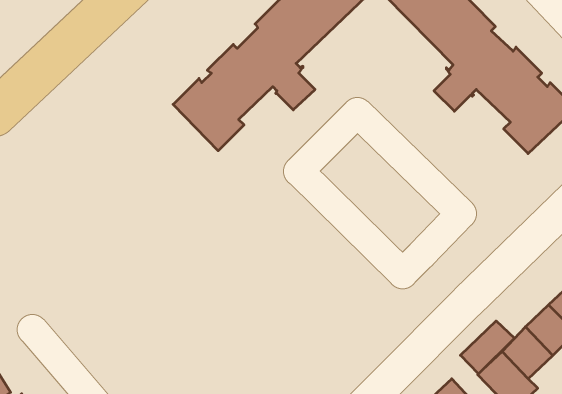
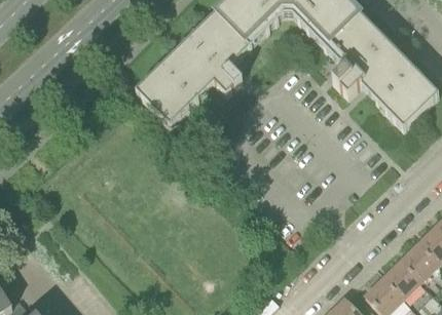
building: [460,321,514,374] -> none

